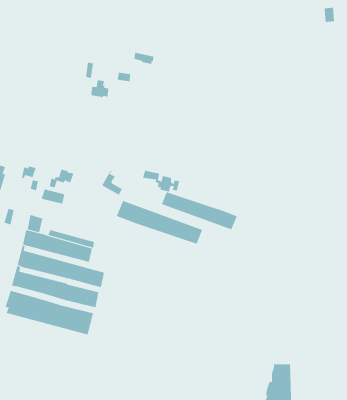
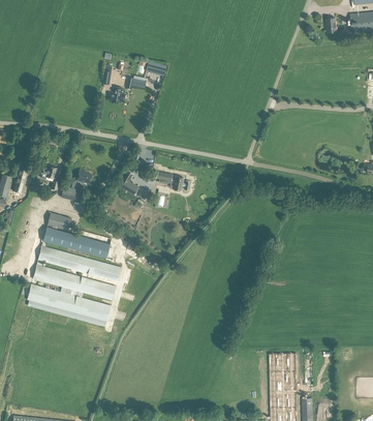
building: [161,191,238,230] -> none
building: [116,200,203,244] -> none

